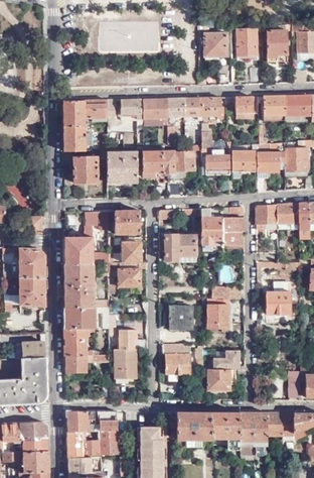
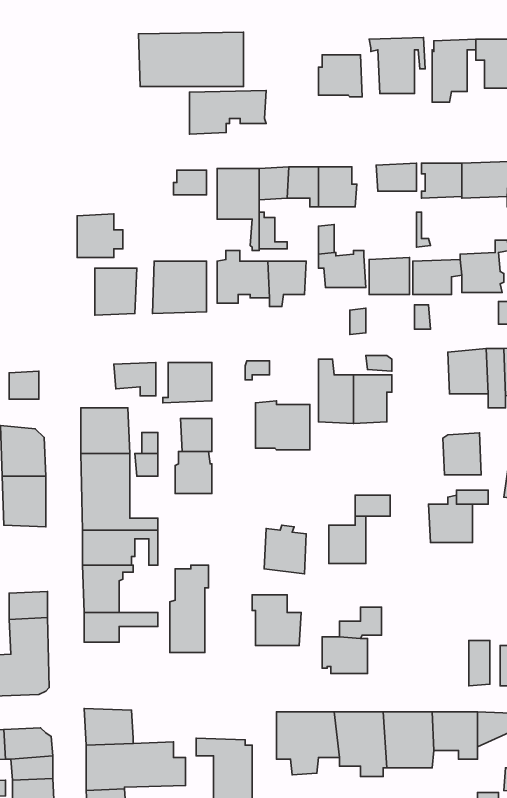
building: [62,101,107,126] -> [189,90,266,134]
building: [255,205,277,229] -> [443,433,481,475]
building: [95,411,118,431] -> none

